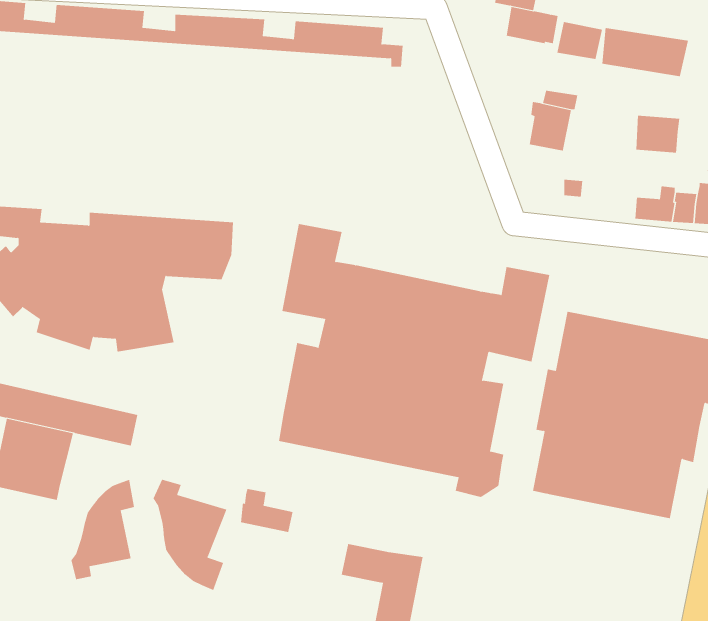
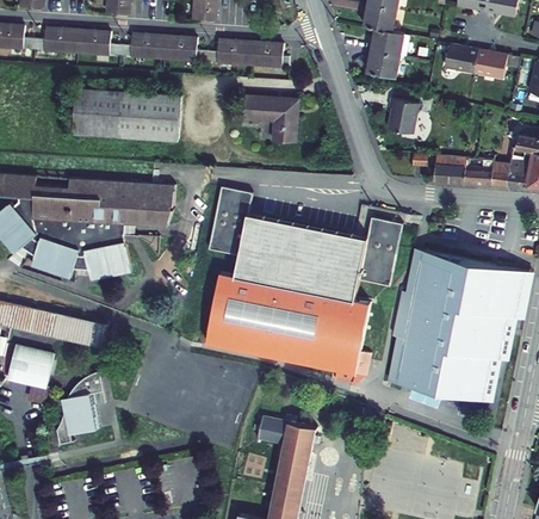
building: [557,21,603,59] -> [366,50,399,78]
building: none -> [73,88,180,141]
building: none -> [242,95,297,142]
building: [636,115,680,153] -> [434,155,466,183]
building: [153,479,227,591] -> none
building: [240,488,293,533] -> none

